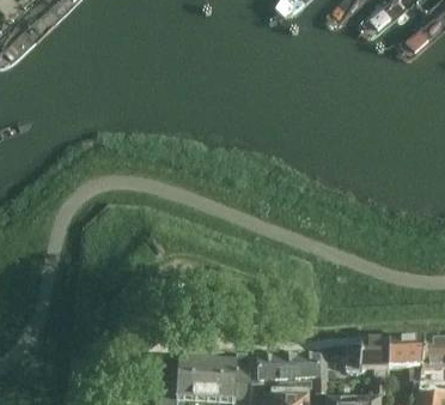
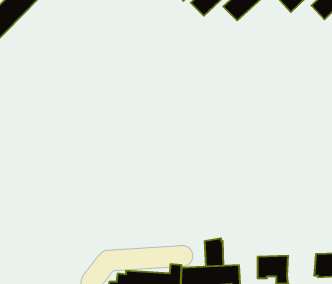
building: none -> [205,238,223,267]
building: [384,340,421,369] -> none

